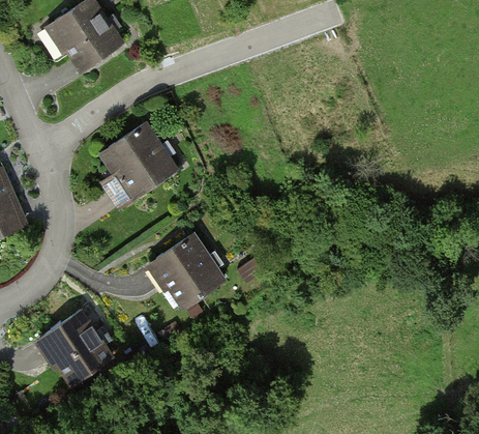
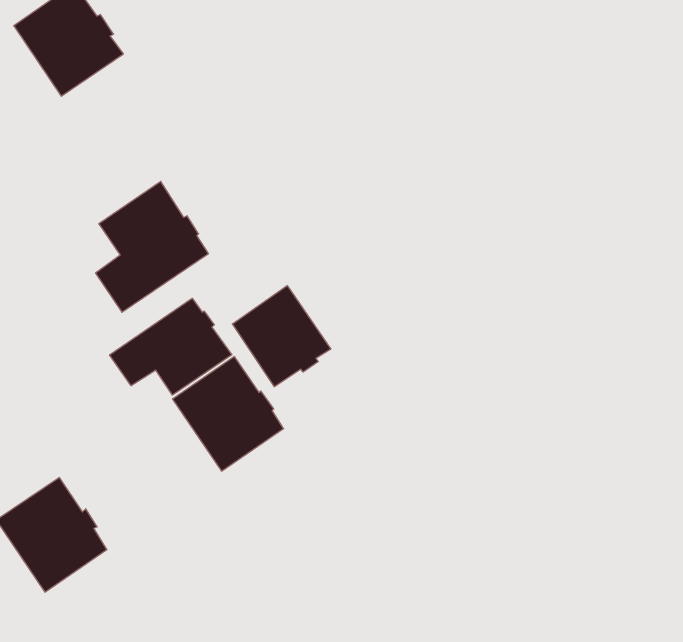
building: none -> [232,286,331,387]
building: none -> [110,298,232,395]

